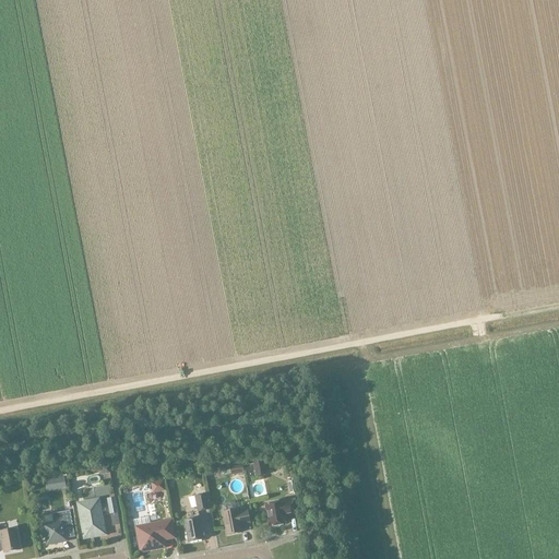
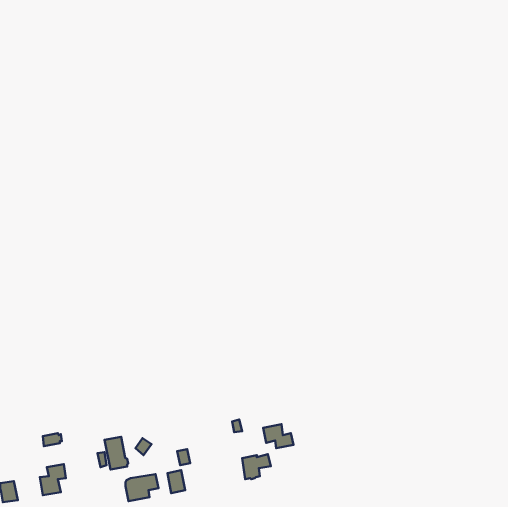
building: none -> [263,424,294,448]
building: [80,499,106,535] -> [104,437,128,470]
building: [223,508,251,533] -> none

